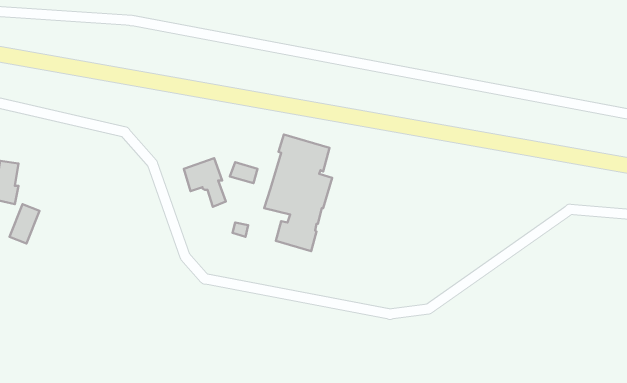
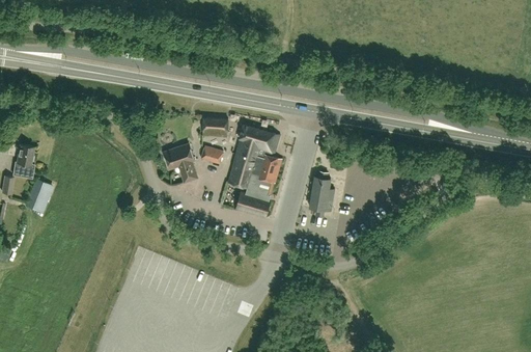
building: none -> [202,118,227,138]
building: none -> [309,171,334,217]

